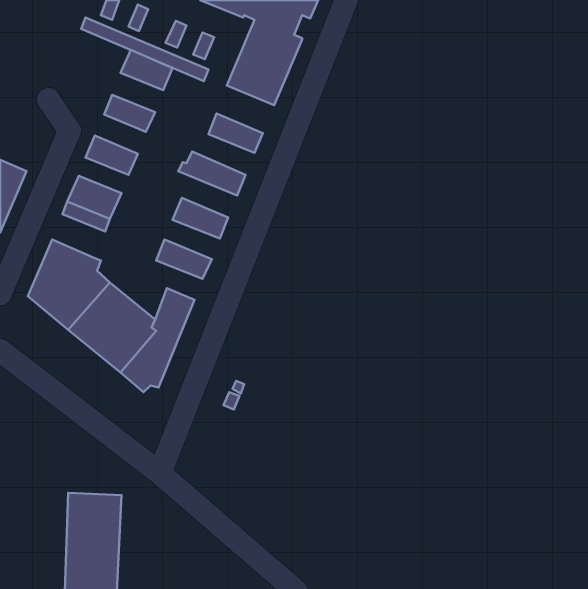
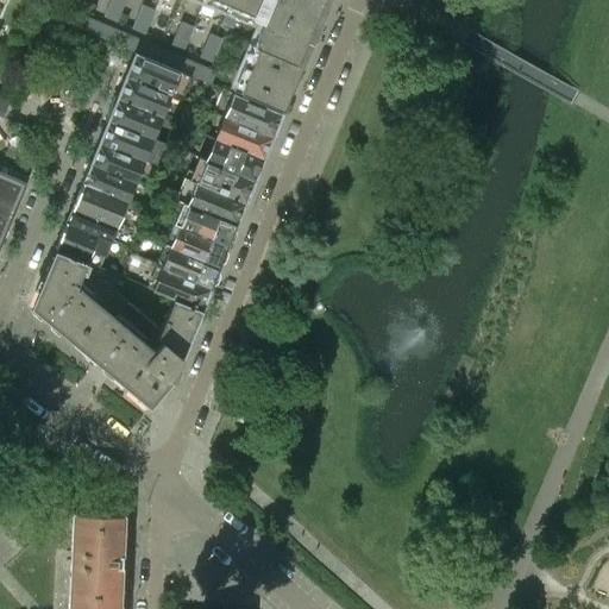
building: none -> [119,77,171,118]
building: none -> [226,95,284,139]
building: none -> [101,120,153,161]
building: none -> [201,140,265,182]
building: none -> [84,164,136,201]
building: none -> [178,178,247,226]
building: none -> [57,222,112,268]
building: none -> [172,228,230,269]
building: none -> [156,270,212,310]

